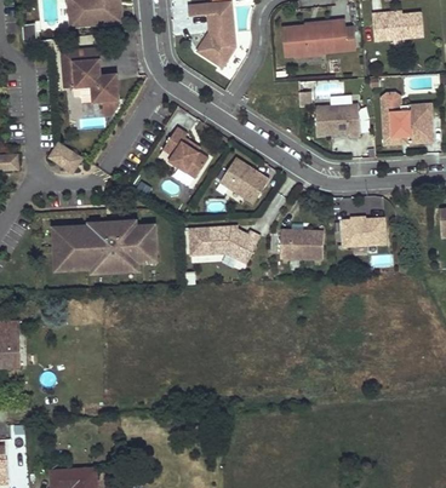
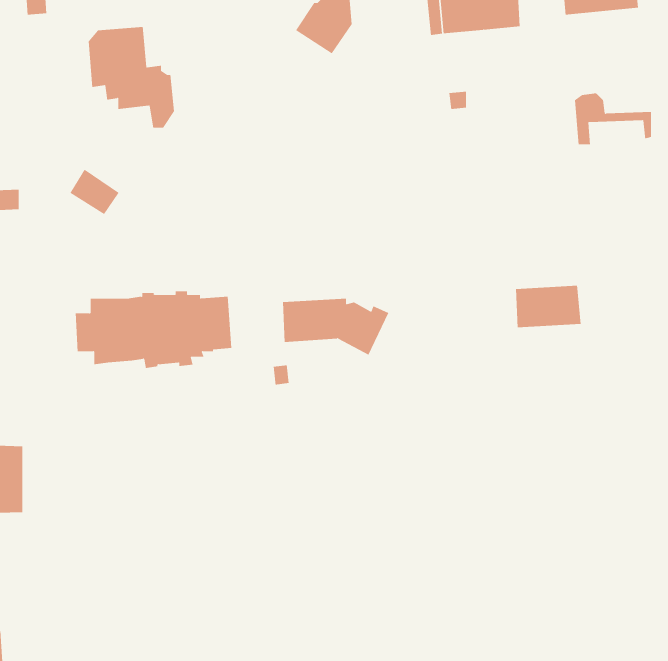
building: [315,104,360,136] -> none
building: [383,110,433,144] -> none
building: [162,127,208,178] -> none
building: [219,157,269,203] -> none
building: [280,230,324,259] -> none

